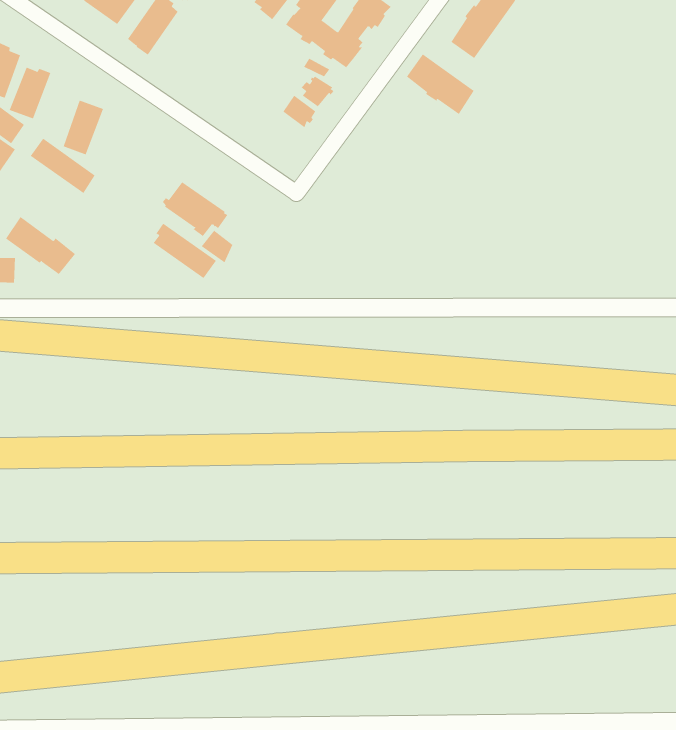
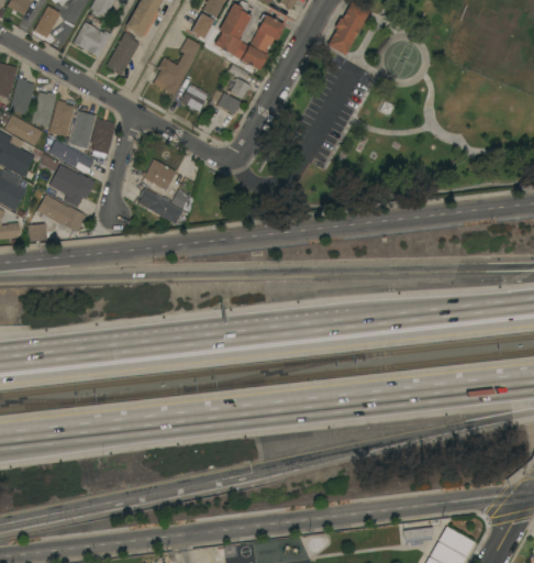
building: none -> [153,37,201,96]
building: [406,54,475,115] -> none
building: none -> [180,84,209,112]
building: none -> [49,100,75,137]
building: none -> [89,119,115,166]
building: none -> [49,164,96,208]

